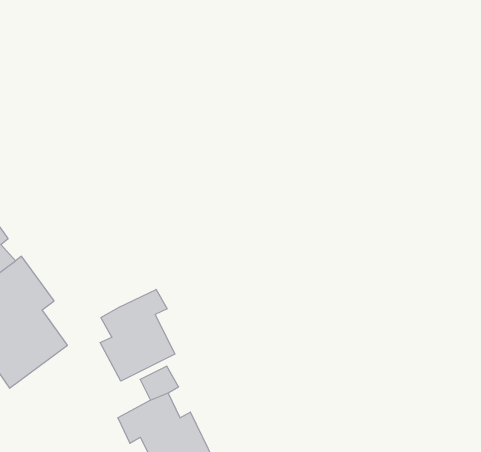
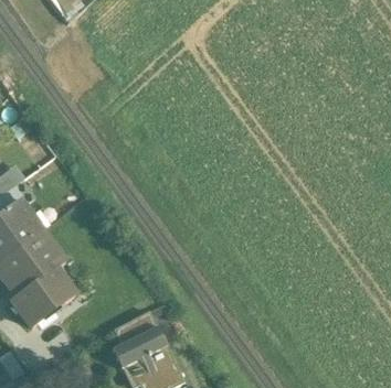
building: [100,289,175,381] -> none

